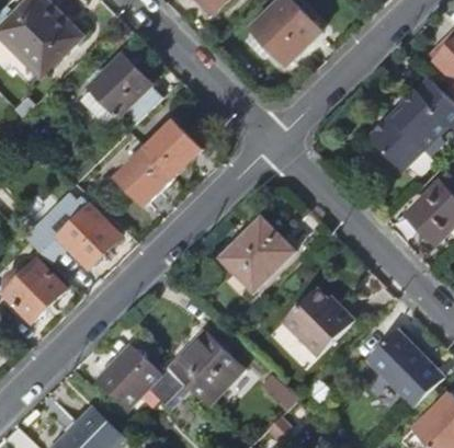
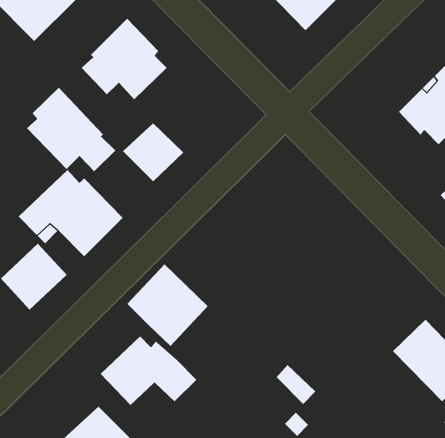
building: none -> [26,87,116,172]
building: [145,120,202,175] -> none
building: [219,218,293,291] -> none
building: [279,286,354,358] -> none
building: [167,329,242,405] -> [127,263,209,347]

